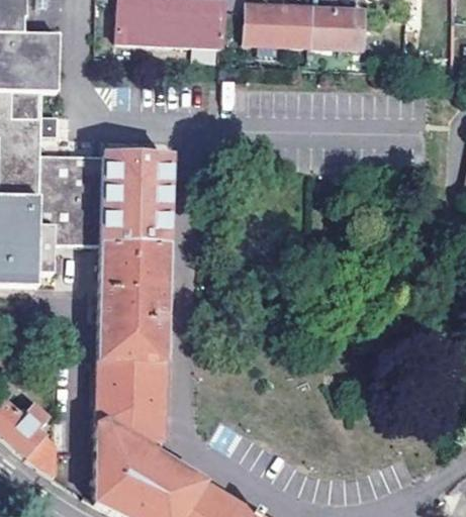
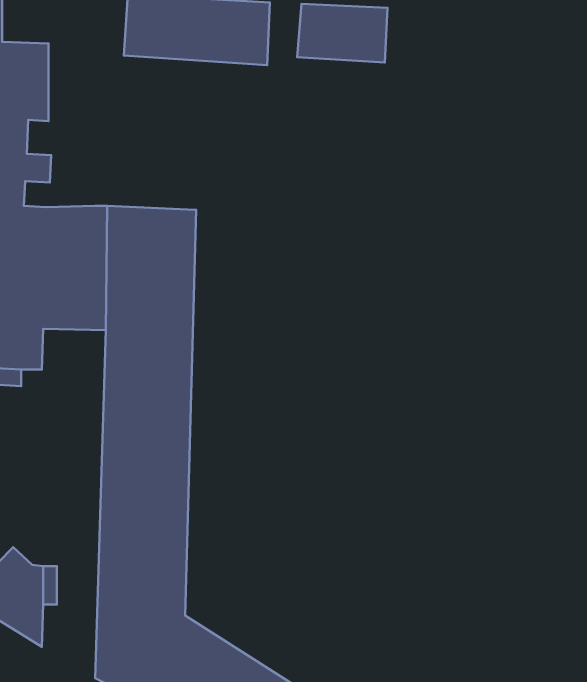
building: [307,6,360,49] -> none

